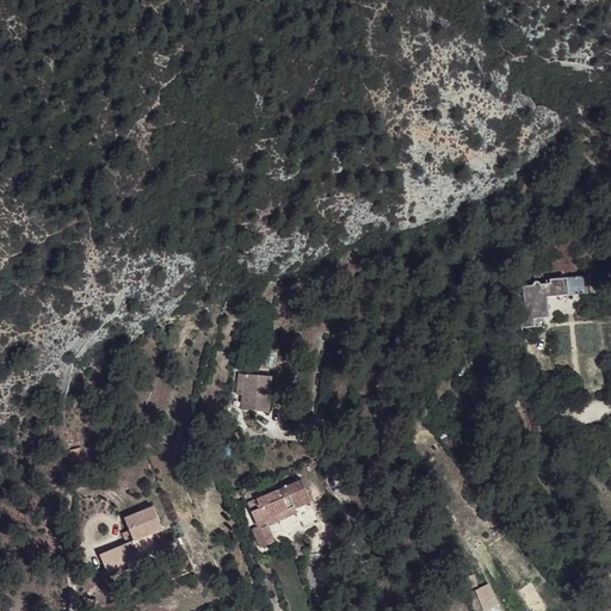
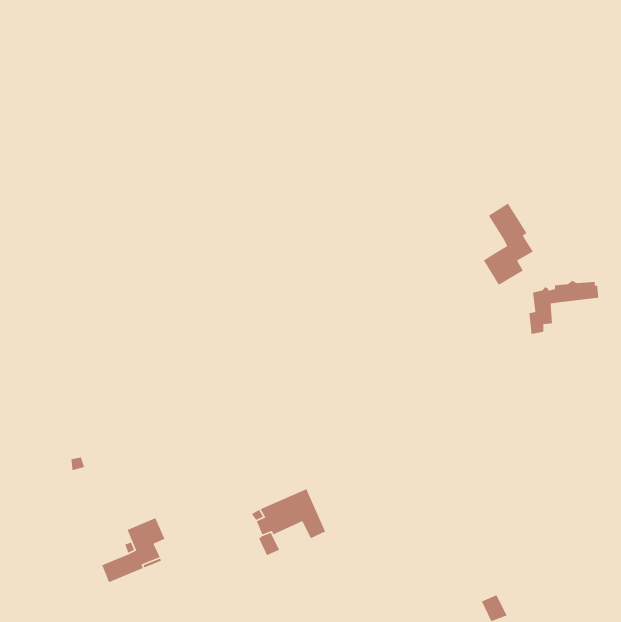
building: none -> [483,203,534,286]
building: [240,374,271,412] -> none

